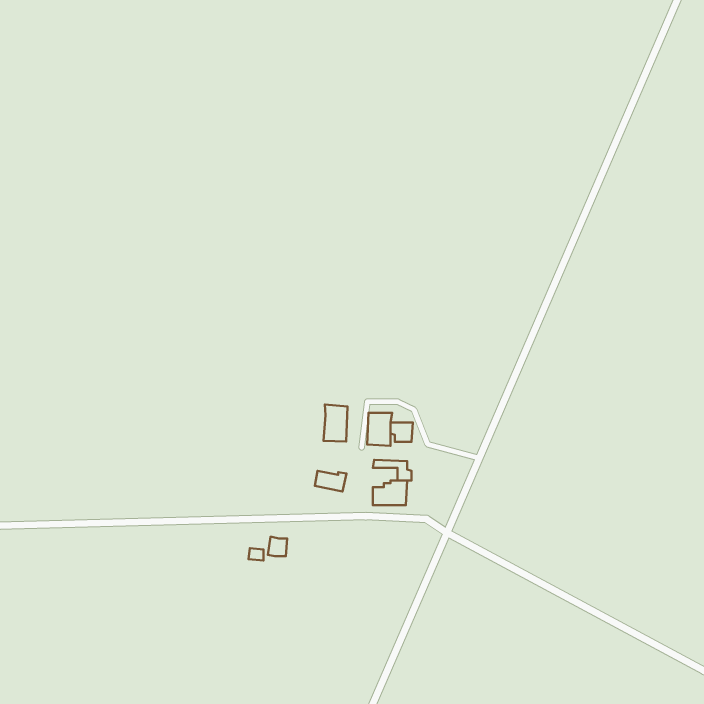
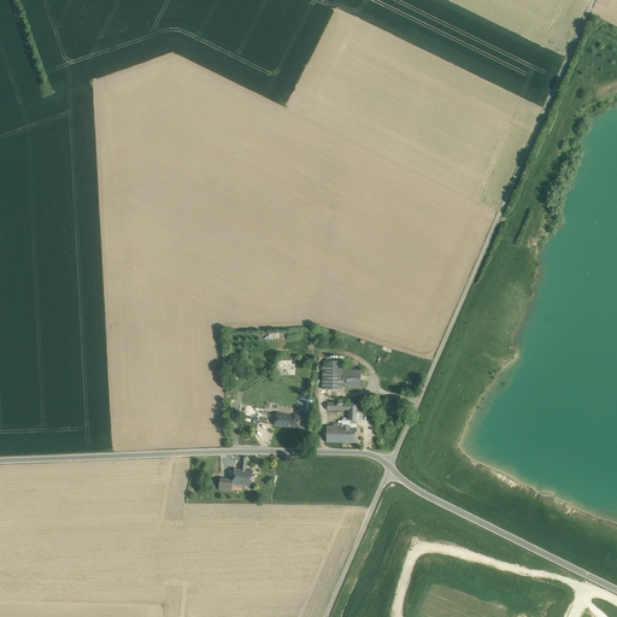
building: [323,404,348,441] -> none

